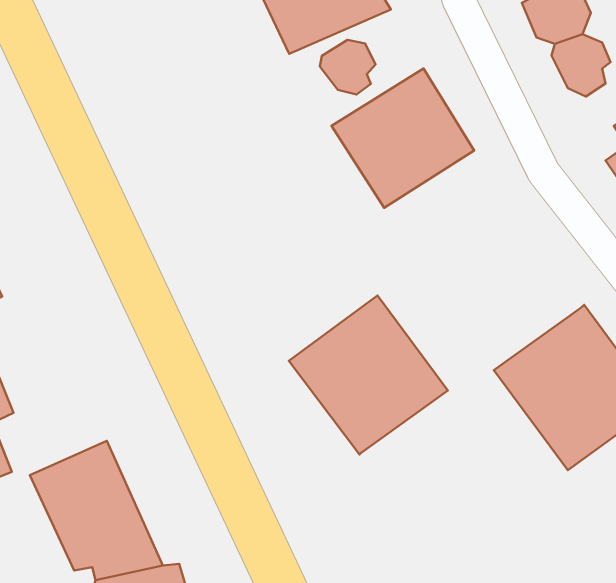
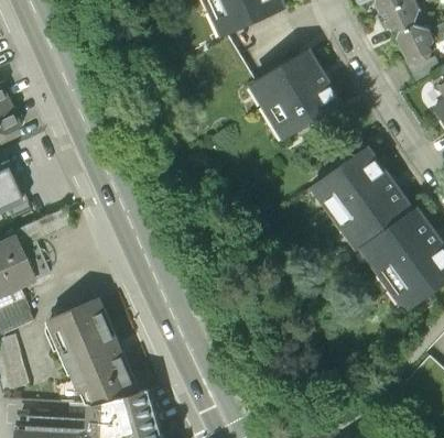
building: [320,40,375,94] -> none
building: [289,295,448,454] -> [308,145,415,252]

